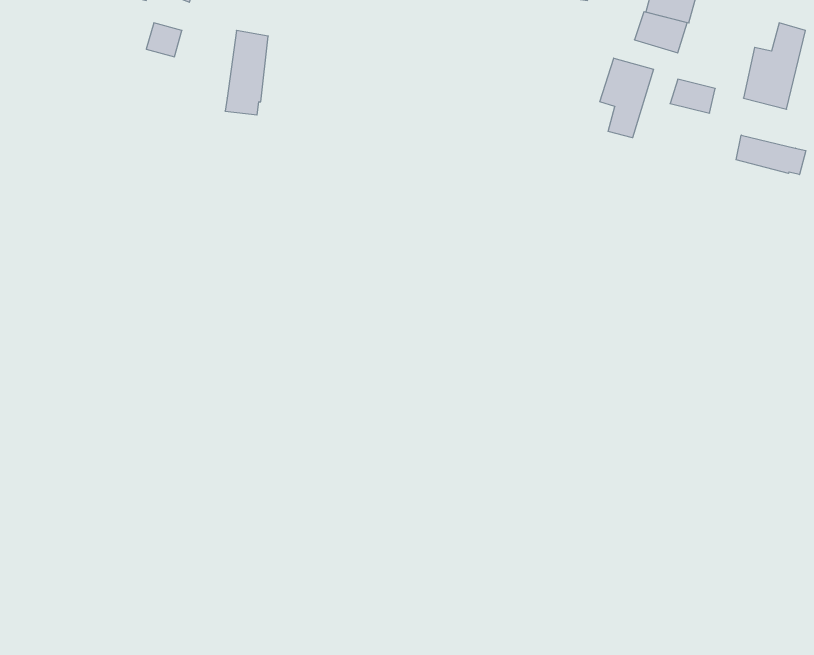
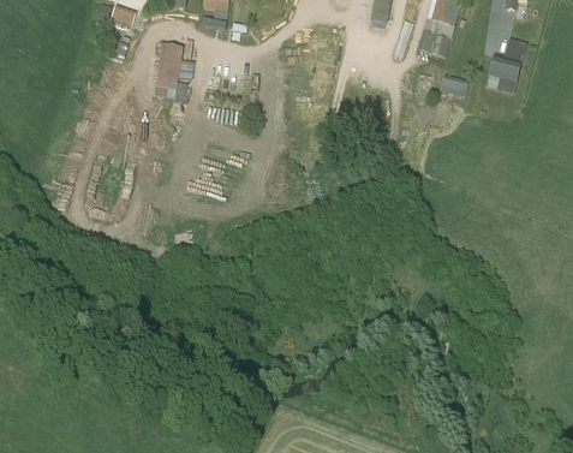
building: [600,58,653,138] -> none
building: [736,135,806,175] -> none

